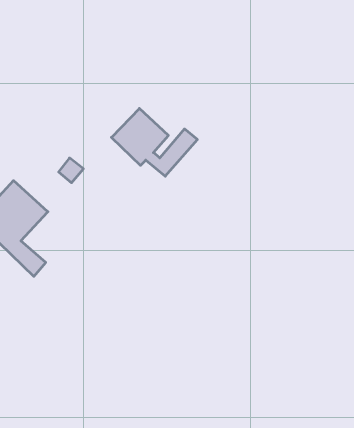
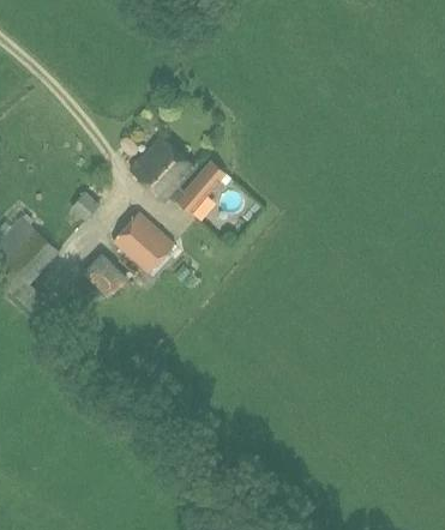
building: none -> [113,212,174,273]
building: none -> [83,254,127,299]

